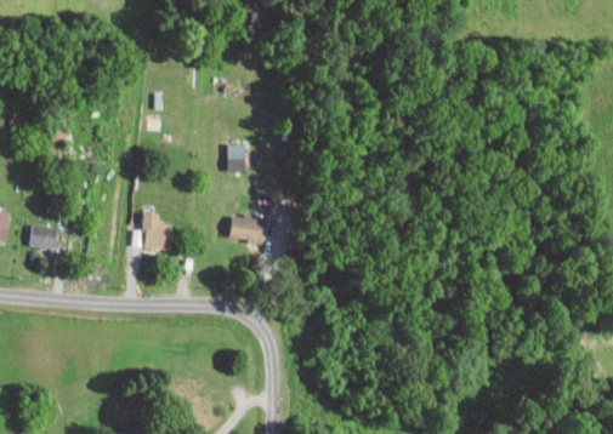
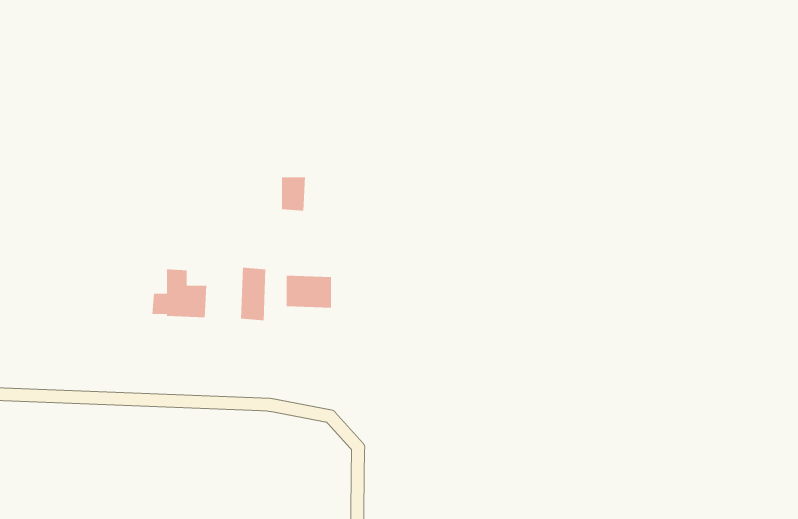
building: none -> [241,267,266,321]
building: [29,224,58,250] -> none

